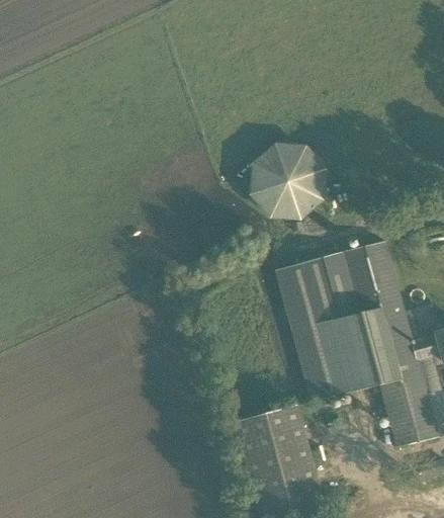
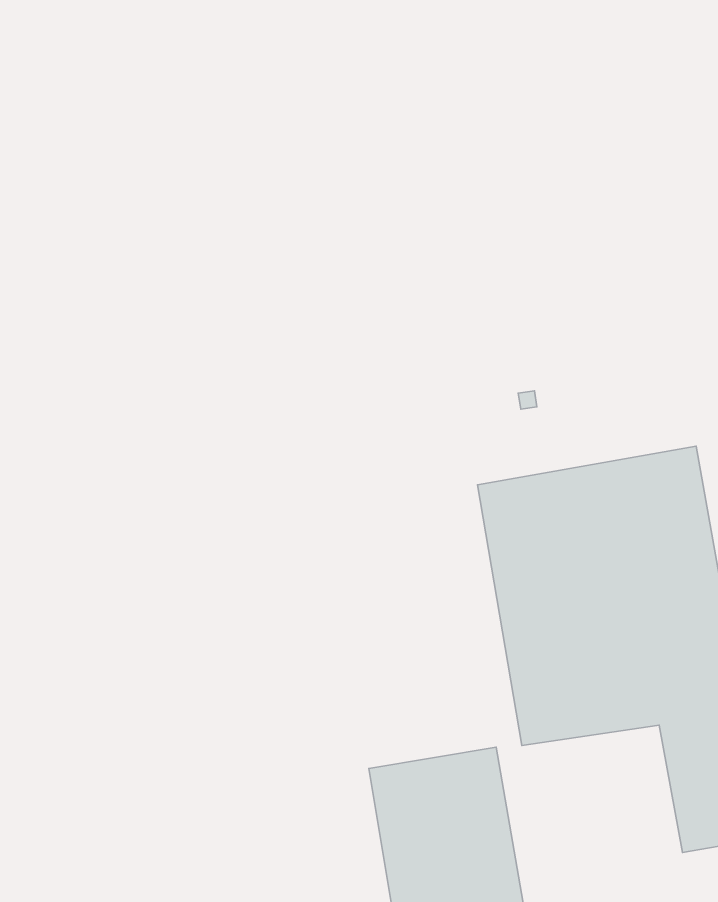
building: [256,142,323,212] -> none

